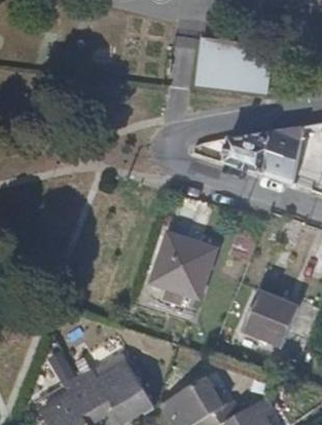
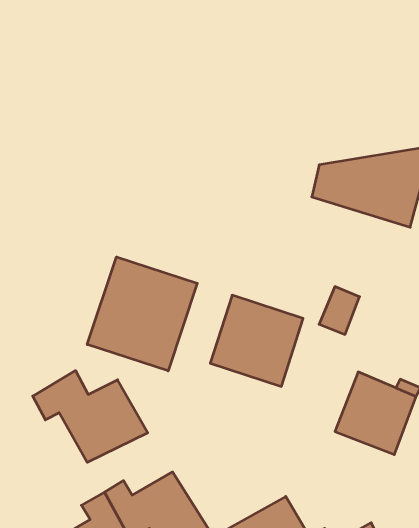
building: [194,37,277,93] -> none
building: none -> [87,257,197,371]
building: none -> [33,371,148,462]

